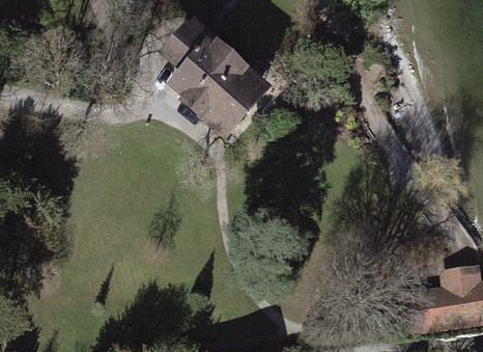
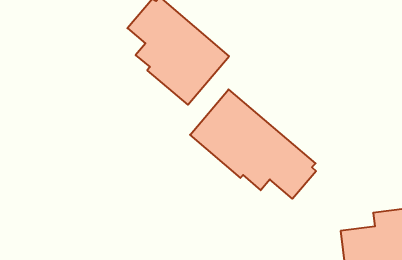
building: none -> [190,89,316,199]

